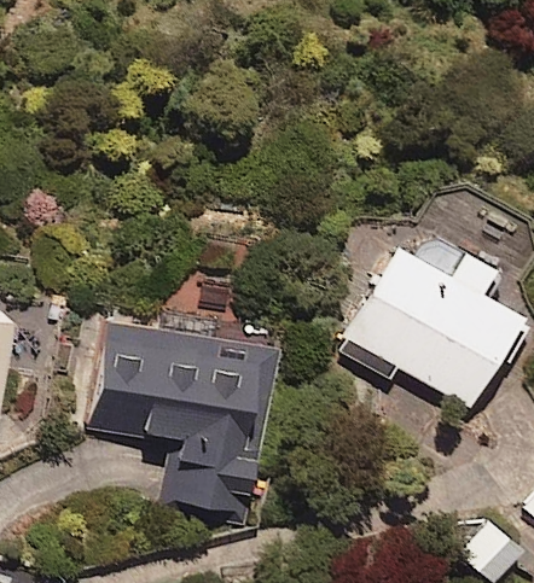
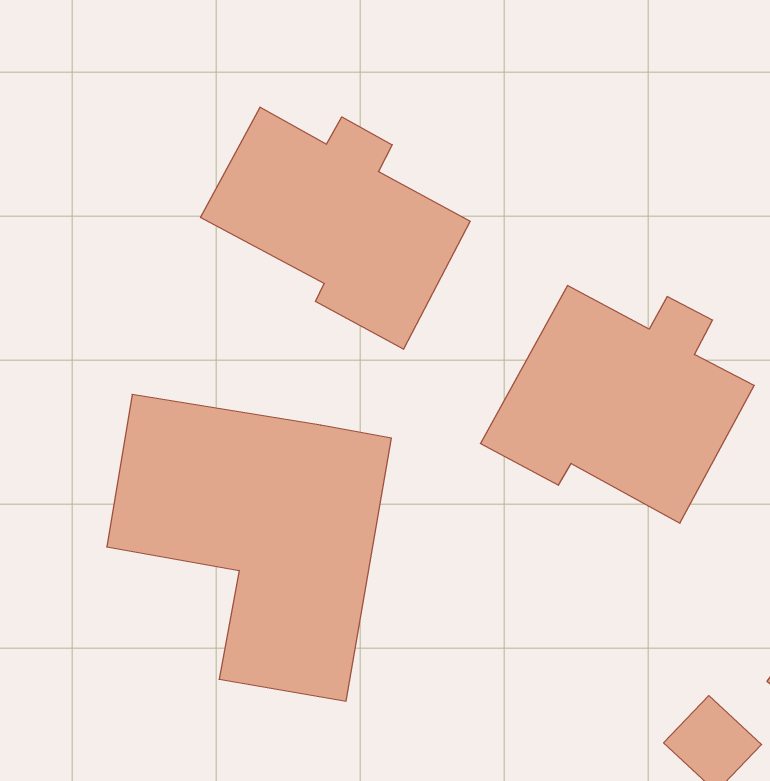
building: none -> [201,107,470,349]

